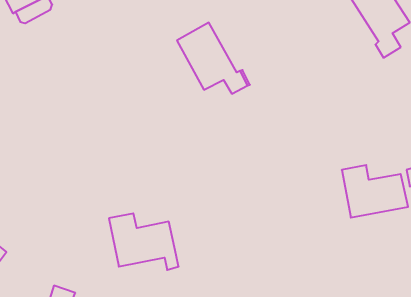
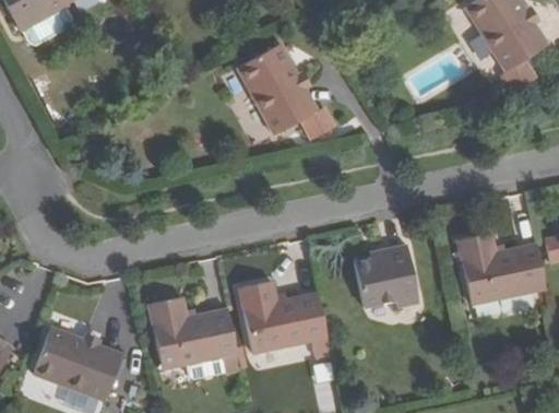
building: none -> [353,246,417,307]
building: none -> [238,283,330,357]
building: none -> [32,327,121,400]

